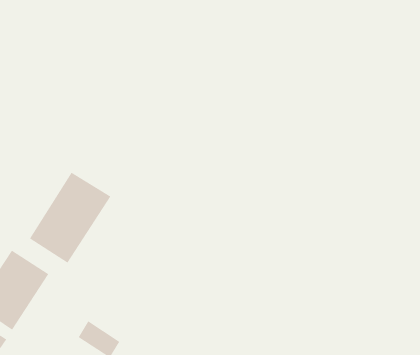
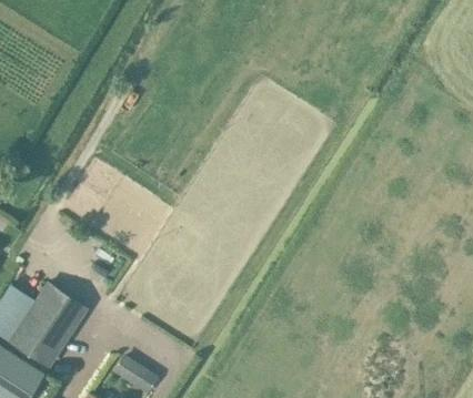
building: [29,172,111,264] -> none

